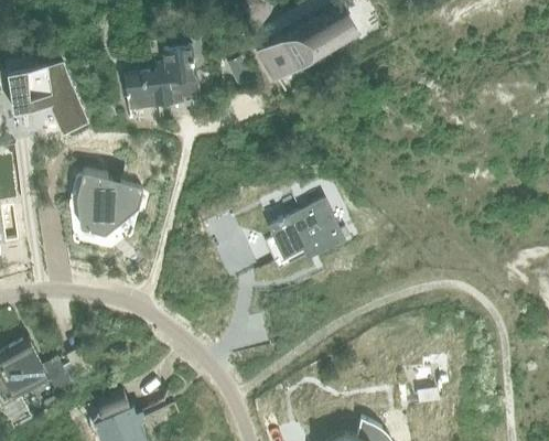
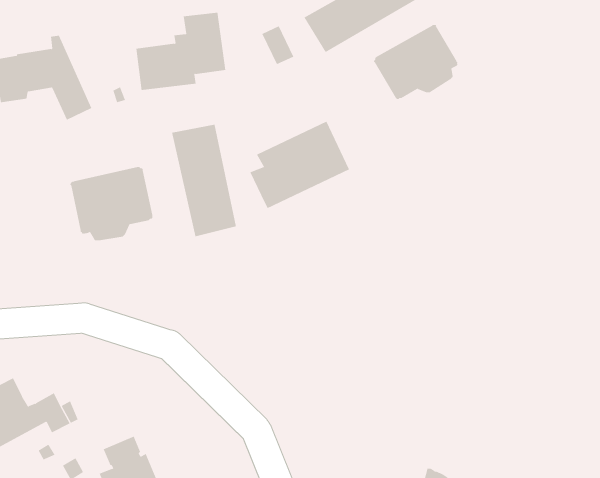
building: none -> [374,24,459,100]
building: none -> [172,124,237,237]
building: [263,198,345,270] -> [250,121,350,209]

